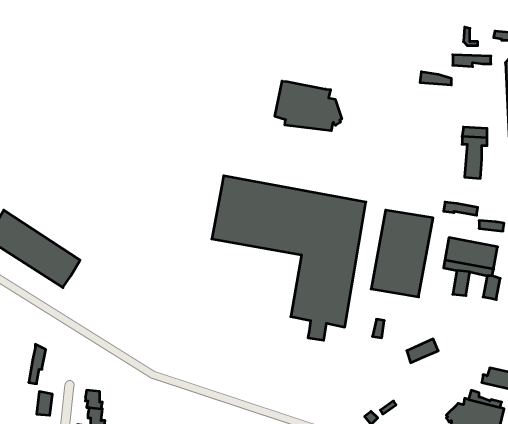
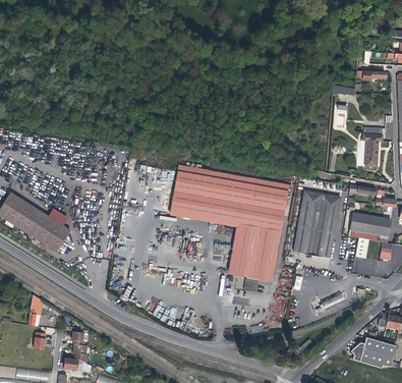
building: [275,81,342,131] -> none

